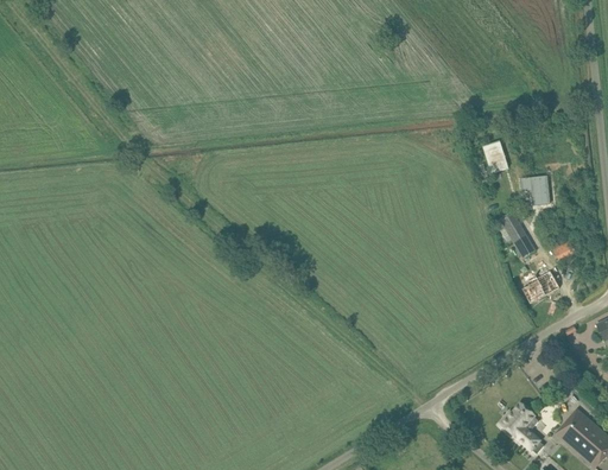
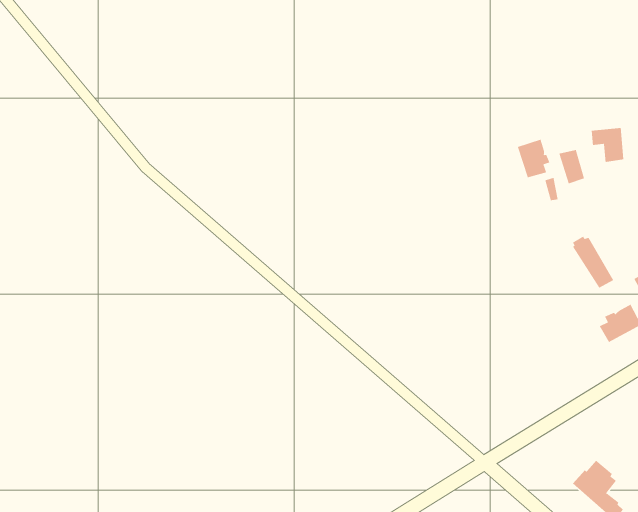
building: none -> [517,139,550,178]
building: [521,176,550,205] -> [591,128,624,162]

